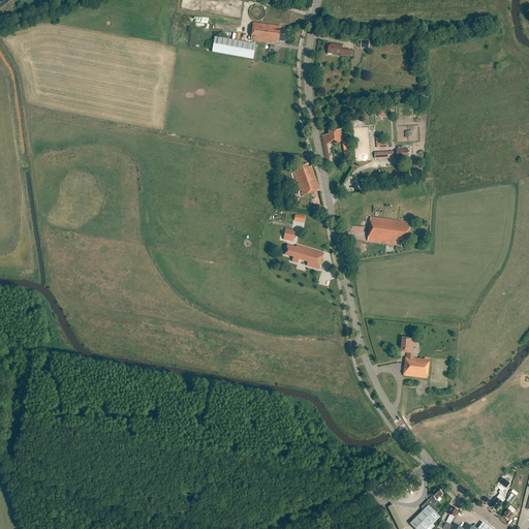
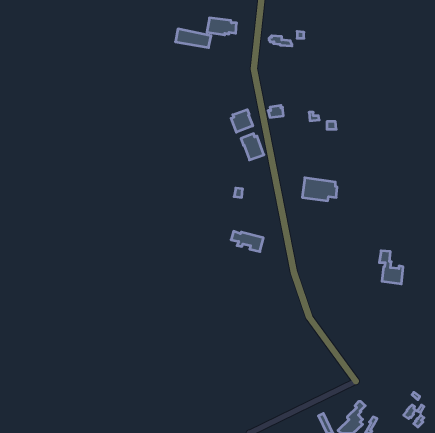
building: none -> [231,110,253,132]
building: [284,243,323,268] -> [231,231,263,252]
building: [400,337,429,377] -> [379,251,403,284]

